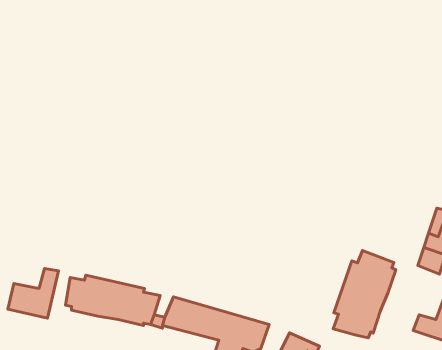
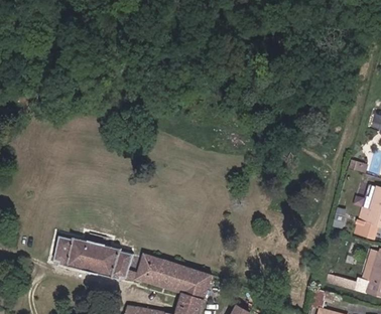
building: [333,250,396,338] -> none
building: [8,269,58,318] -> none

